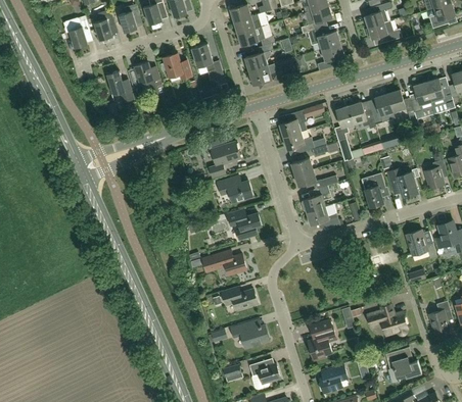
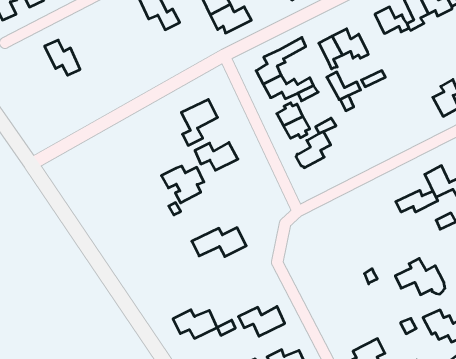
building: [159,53,190,79] -> none
building: [134,62,163,96] -> none
building: [371,94,395,124] -> none
building: [387,168,418,197] -> none
building: [361,172,385,207] -> none
building: [306,204,343,228] -> none
building: [226,209,261,240] -> [161,166,204,203]
building: none -> [396,190,438,212]
building: [221,286,257,310] -> [173,310,217,338]
building: [307,318,336,360] -> none

